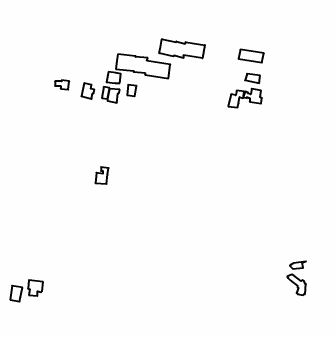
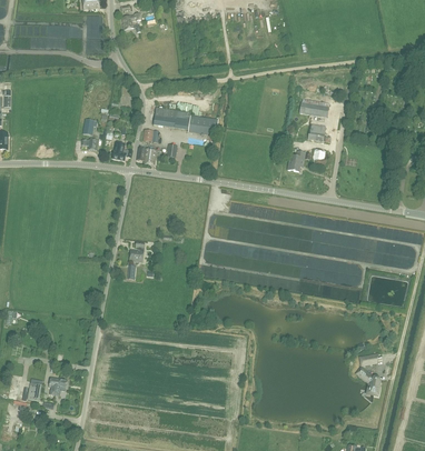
building: [159,39,205,58] -> none

